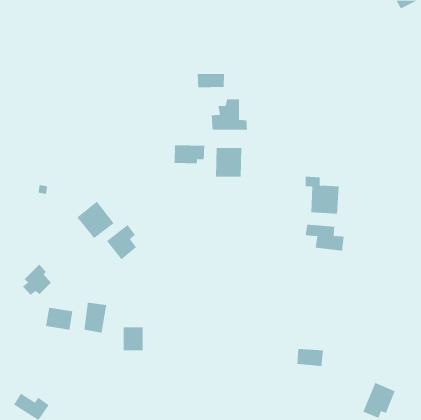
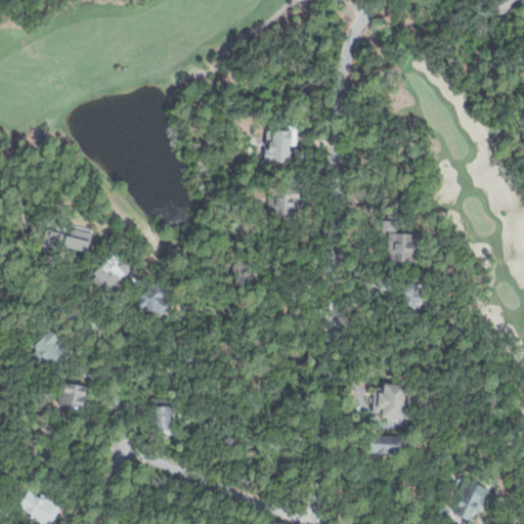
building: [197,73,224,88] -> none
building: [174,144,205,164] -> none
building: none -> [63,224,93,255]
building: [84,302,107,333] -> none
building: none -> [373,384,410,425]

